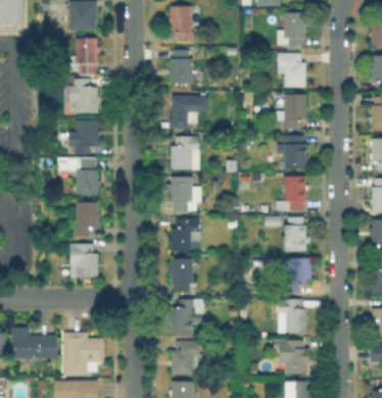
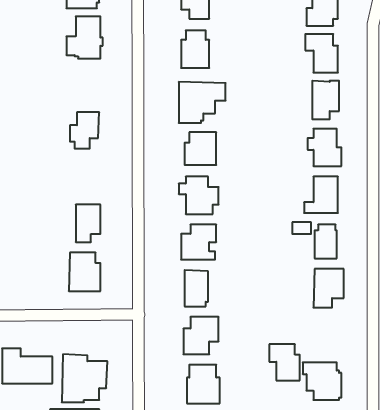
building: [63,80,99,111] -> none
building: [57,158,101,194] -> none
building: [279,300,305,332] -> [269,344,300,380]

